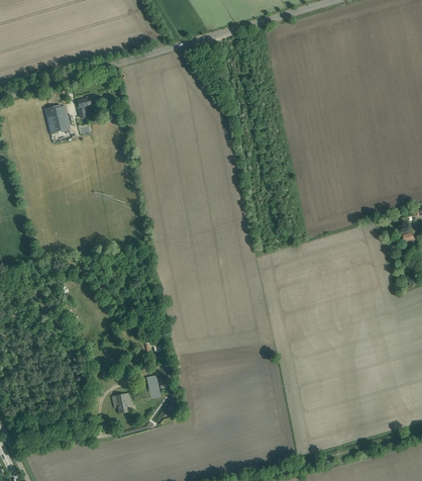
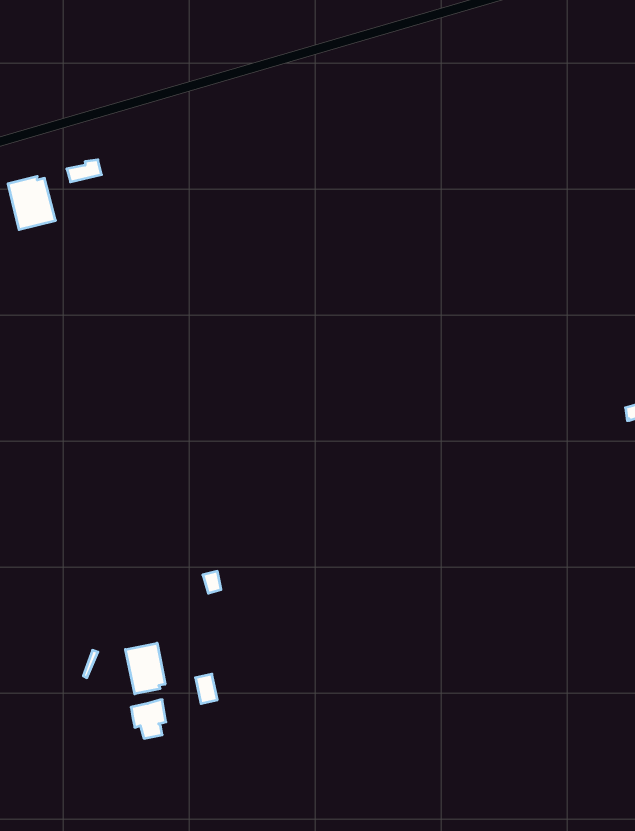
building: none -> [125,643,165,694]

